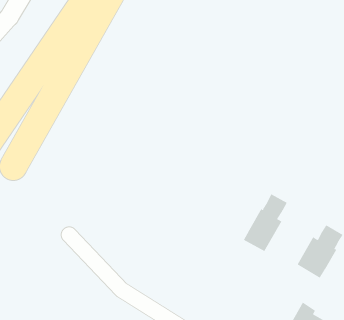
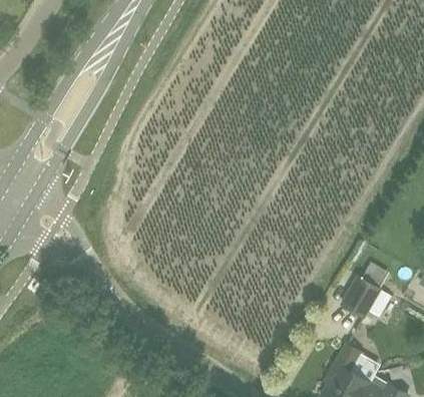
building: [243,194,287,252] -> none

